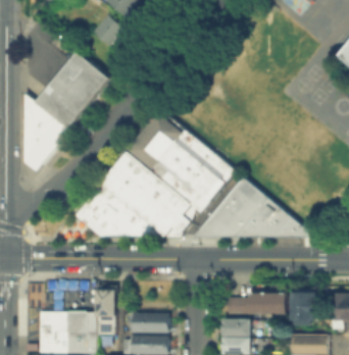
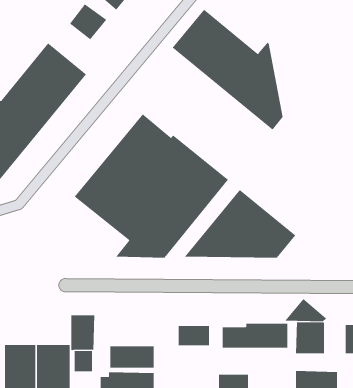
building: none -> [172,9,283,130]
building: [73,184,146,236] -> none
building: [275,217,311,238] -> [284,298,327,322]
building: [223,318,251,336] -> [178,326,210,346]

